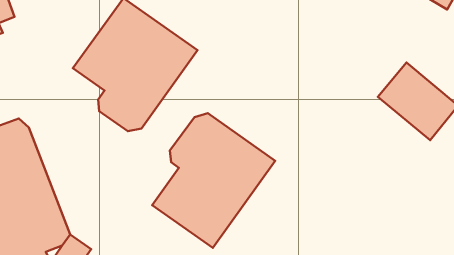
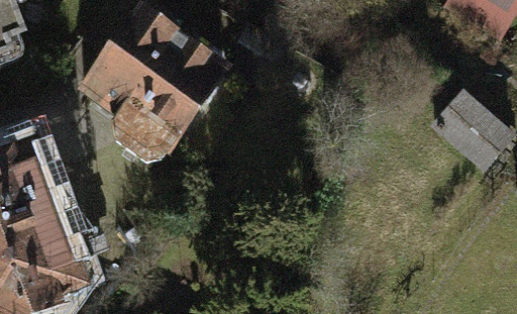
building: [152,113,275,248] -> none

